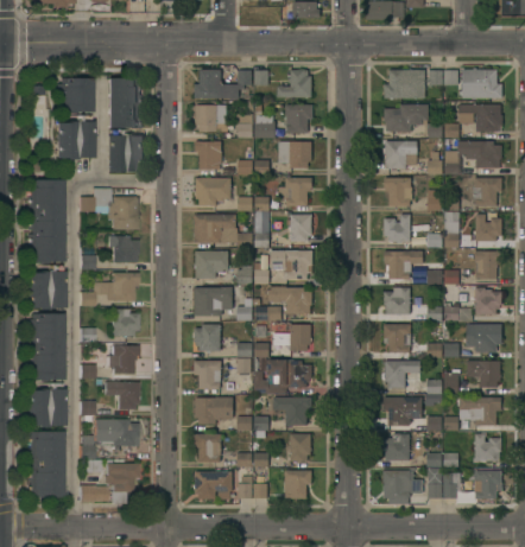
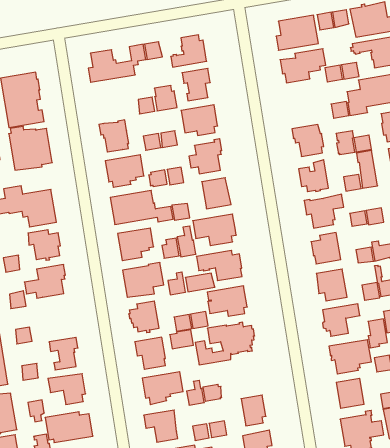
building: [196,106,227,132] -> none
building: [386,141,417,168] -> none
building: [112,310,138,338] -> none
building: [274,397,312,426] -> none

